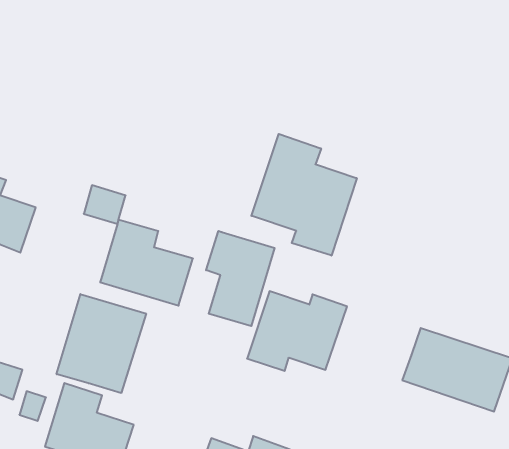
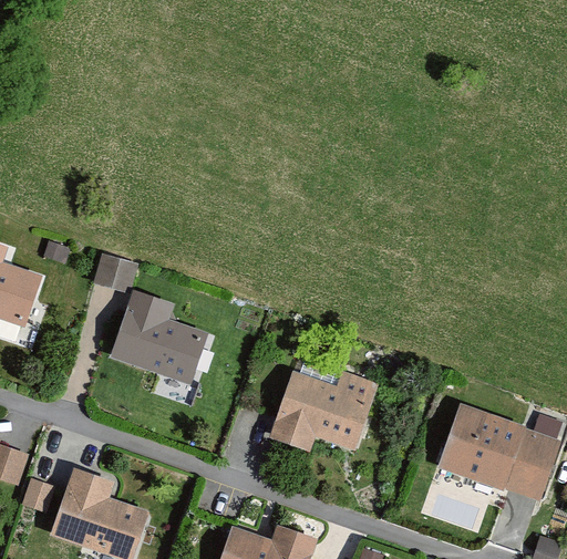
building: [251,134,357,256] -> none
building: [206,231,275,326] -> none
building: [57,294,146,393] -> none

